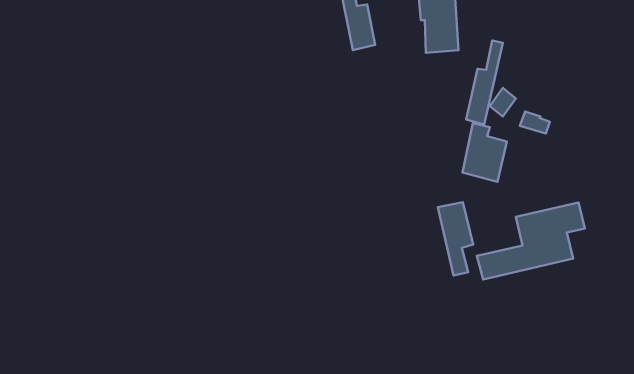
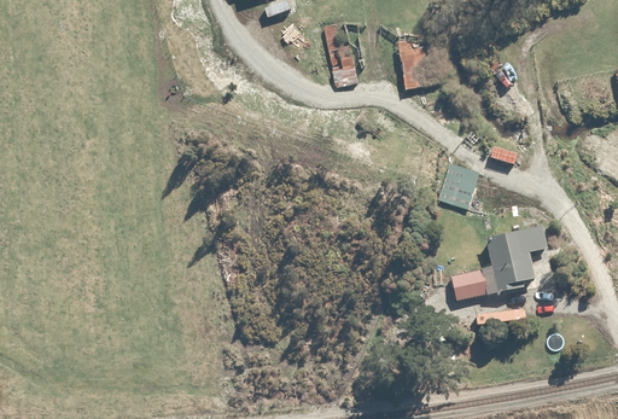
building: [466,41,503,125] -> none
building: [438,202,473,276] -> none

